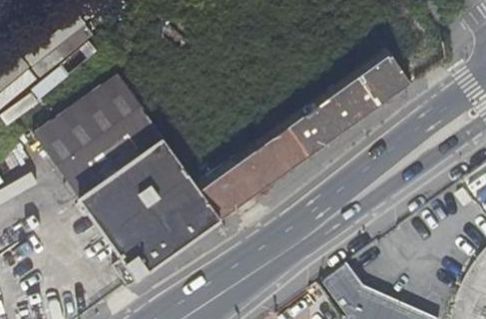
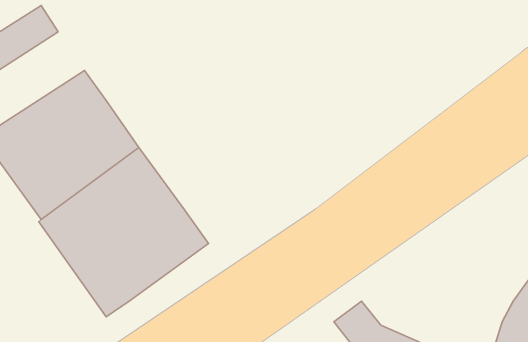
building: [199,54,410,218] -> none

